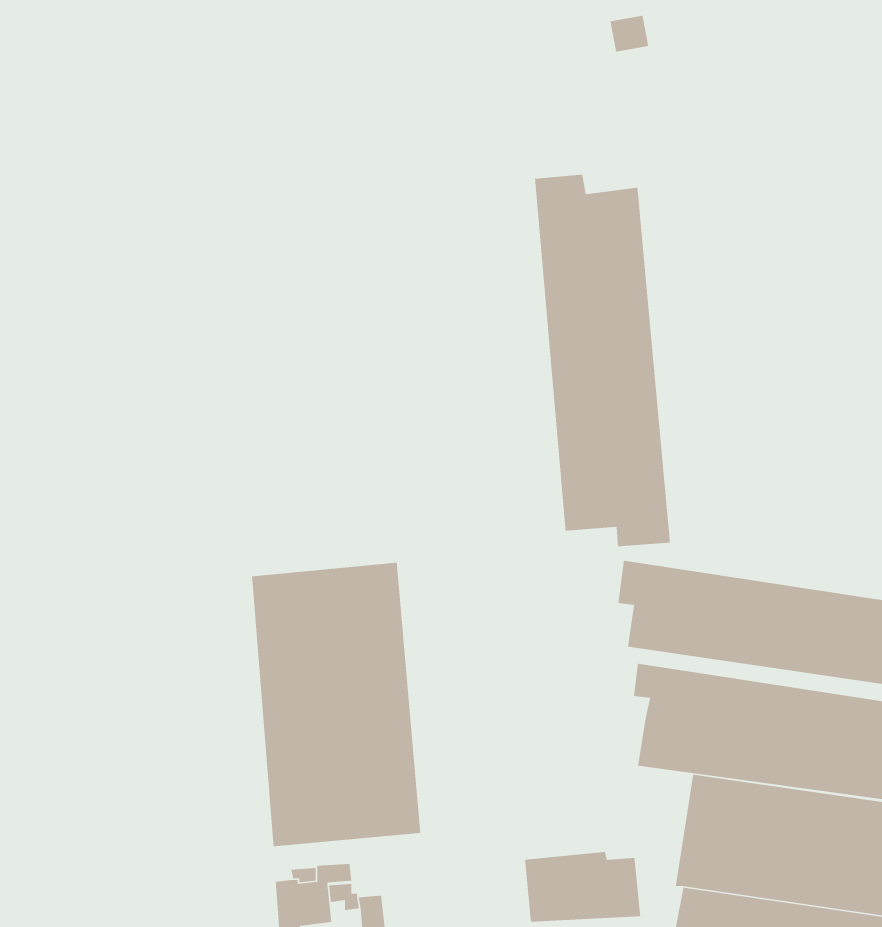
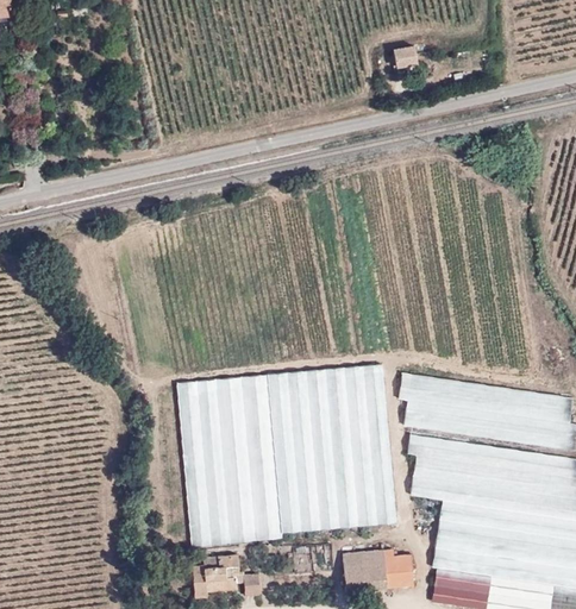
building: [534,174,671,547] -> none
building: none -> [275,368,395,535]

